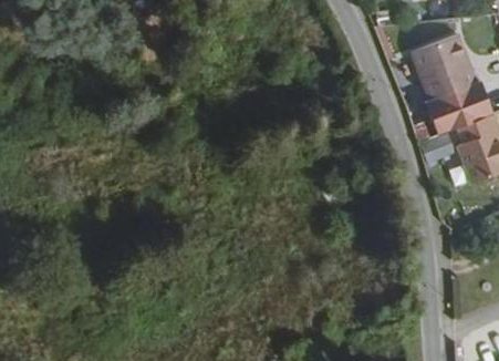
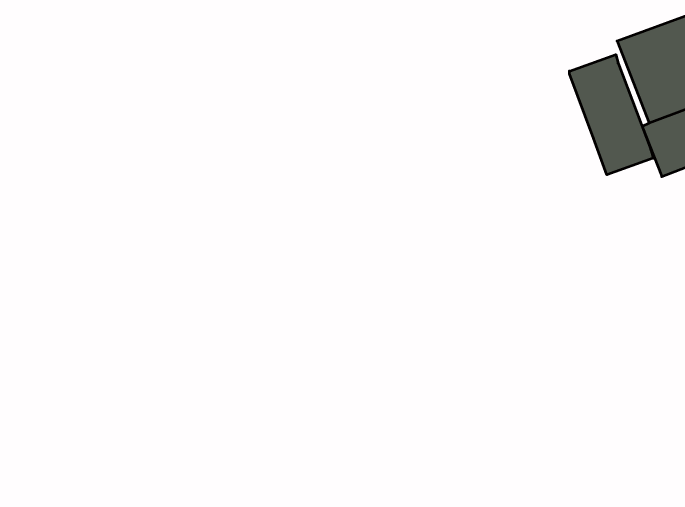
building: none -> [569,55,653,175]

